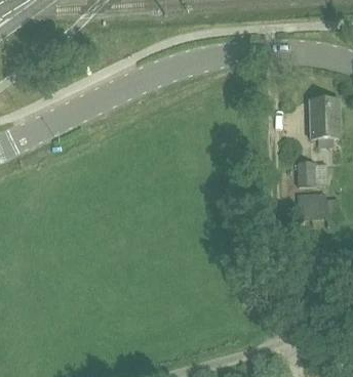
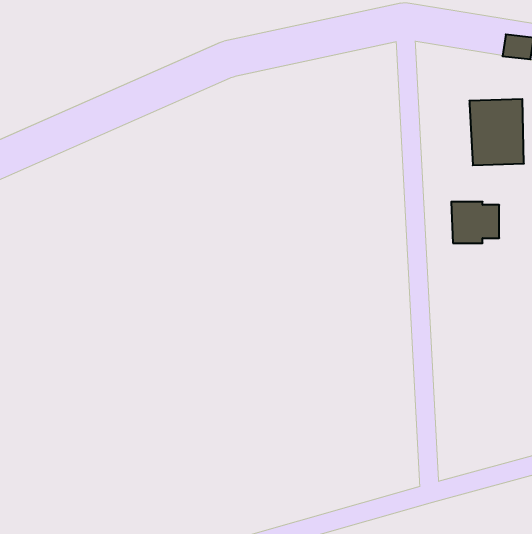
building: [297,194,324,218] -> none

